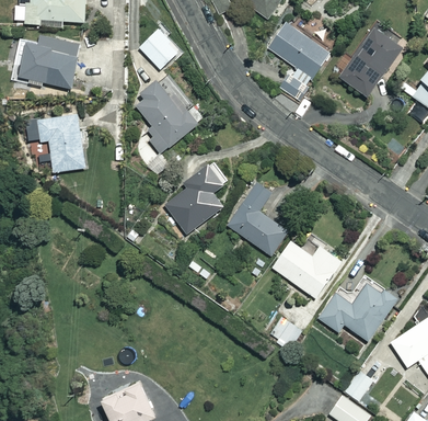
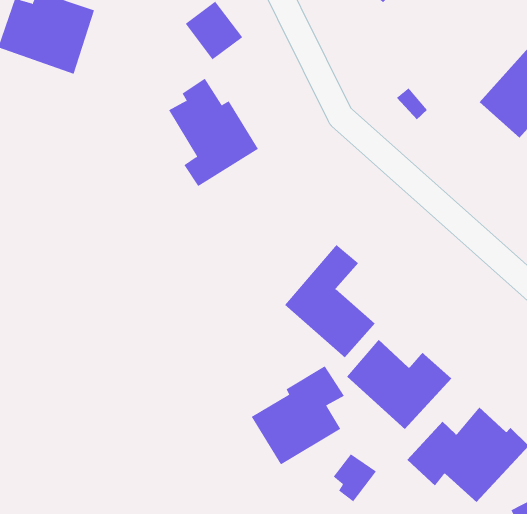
building: [267,21,329,78] -> none
building: [37,113,85,171] -> none
building: [163,164,223,234] -> [251,365,345,465]

